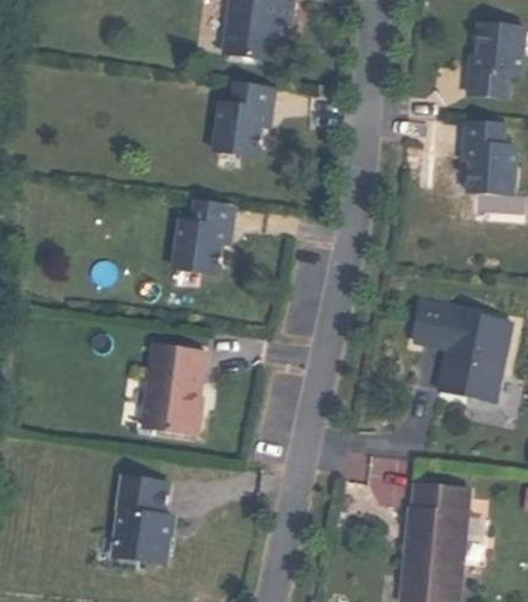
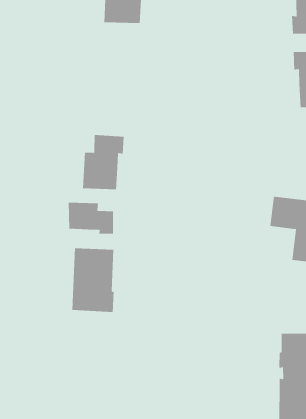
building: [211,83,272,158] -> none
building: none -> [68,202,114,235]
building: [112,476,172,564] -> none

